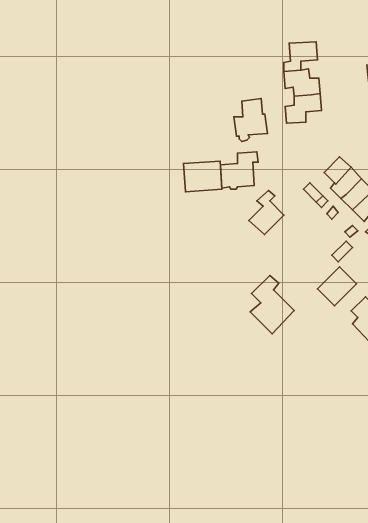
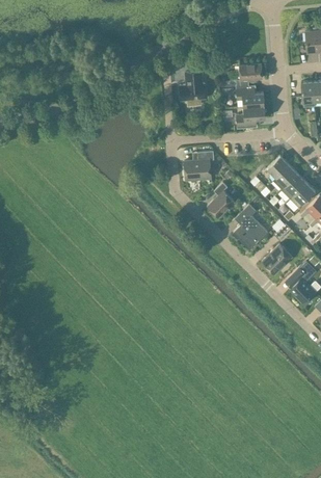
building: [234,99,268,141] -> [178,71,205,105]
building: [184,161,222,192] -> none
building: [250,276,294,334] -> [232,204,267,250]

